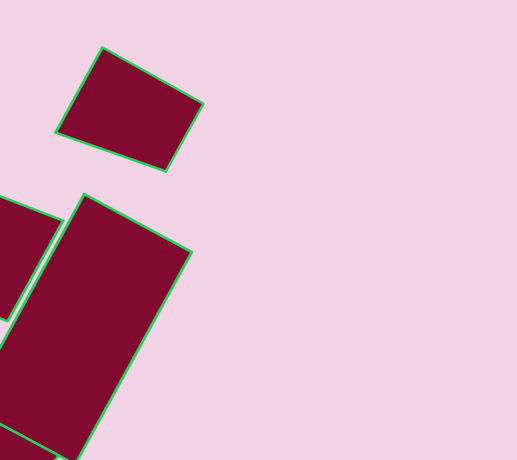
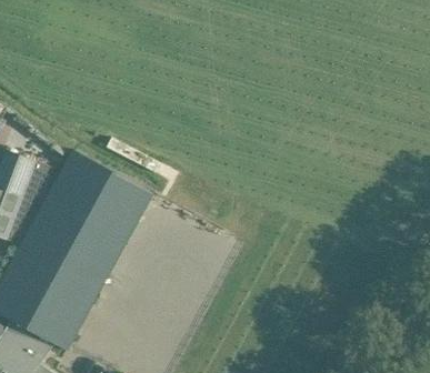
building: [55,48,203,172] -> none

